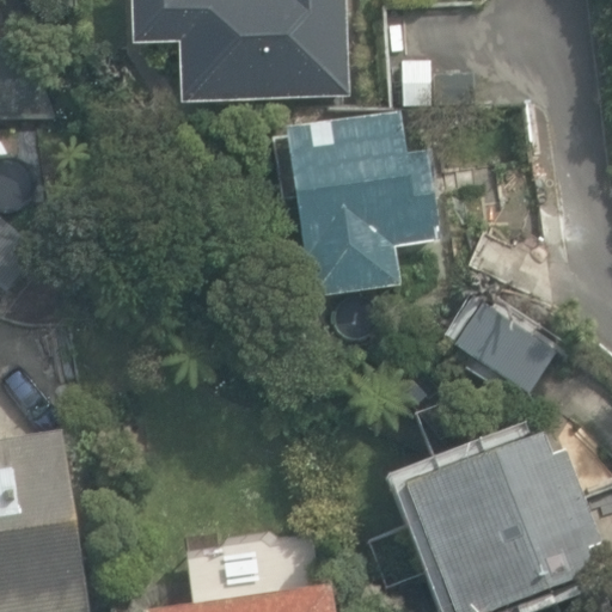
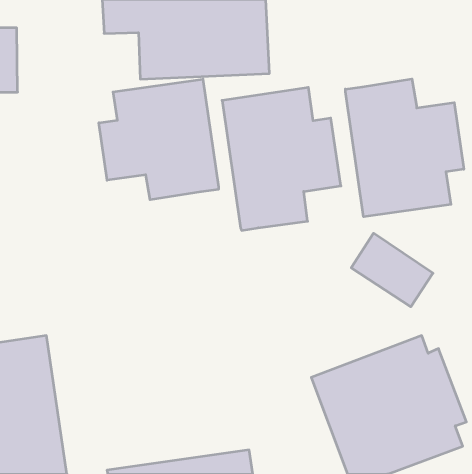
building: none -> [345,79,464,217]
building: none -> [99,79,219,200]

